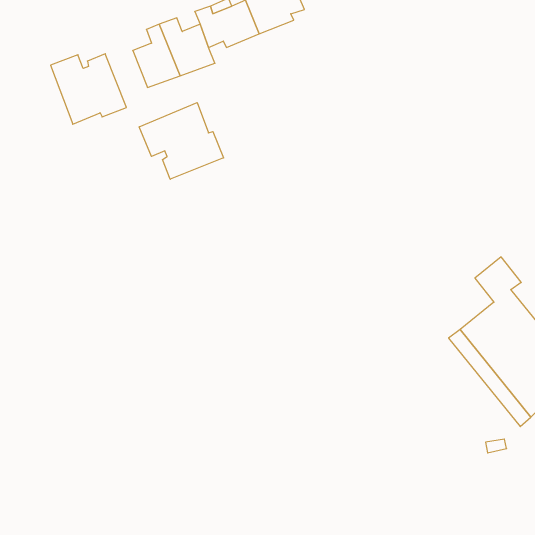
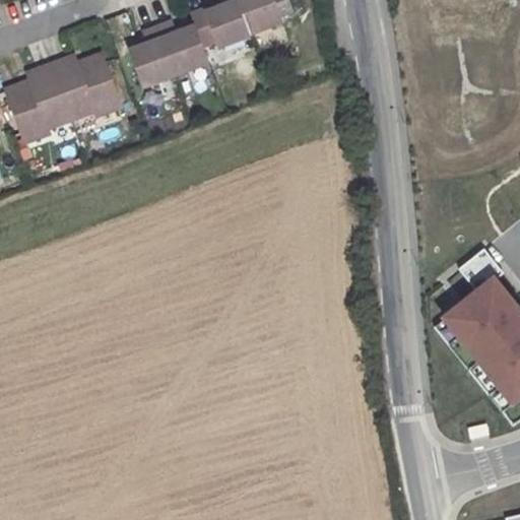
building: none -> [8,63,73,141]
building: [139,103,224,179] -> none

